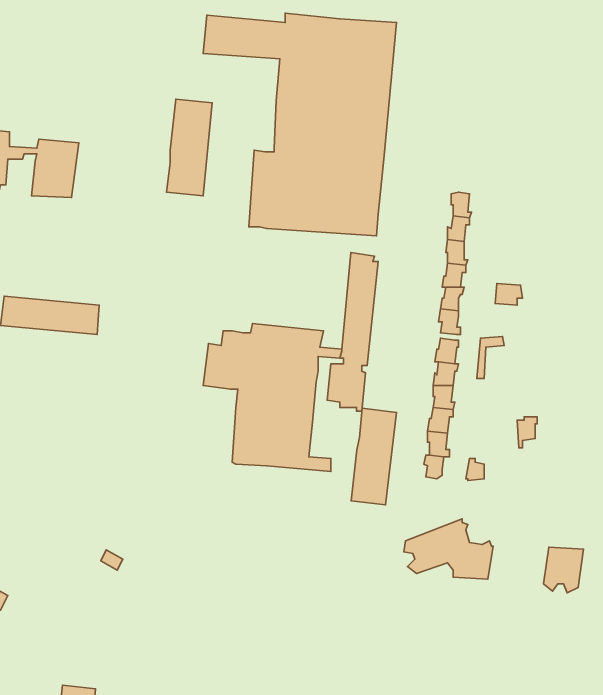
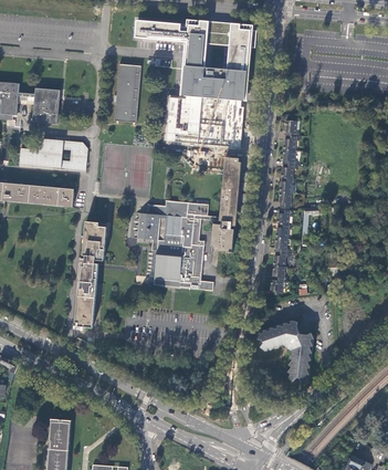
building: none -> [18,138,86,170]
building: none -> [74,221,105,326]
building: [351,408,397,505] -> none
building: [543,547,584,593] -> [283,353,307,380]

